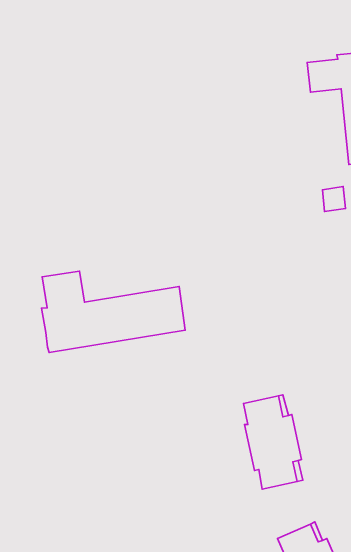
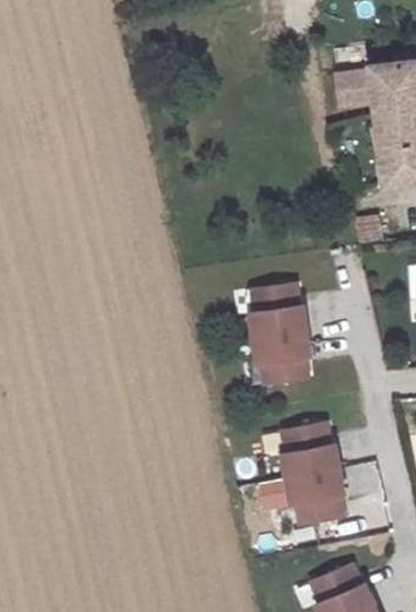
building: none -> [246,293,307,392]
building: [42,271,185,352] -> none

